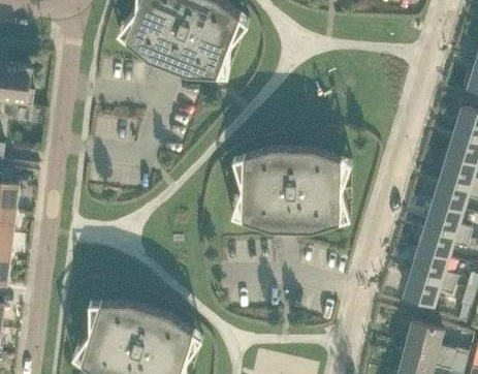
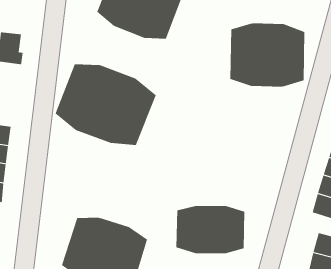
building: none -> [55,63,156,146]
building: [243,148,340,230] -> [230,23,305,87]
building: none -> [176,205,245,254]

